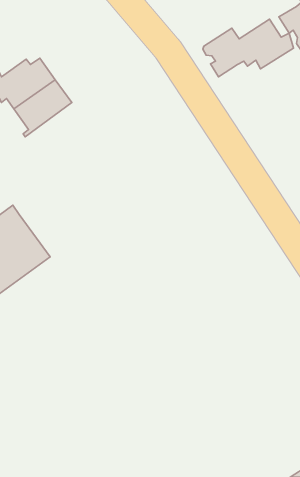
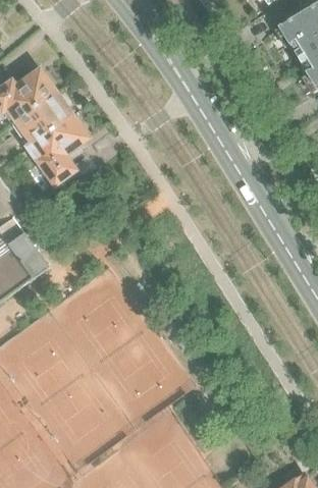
building: [203,19,294,77] -> none
building: none -> [26,114,89,185]

